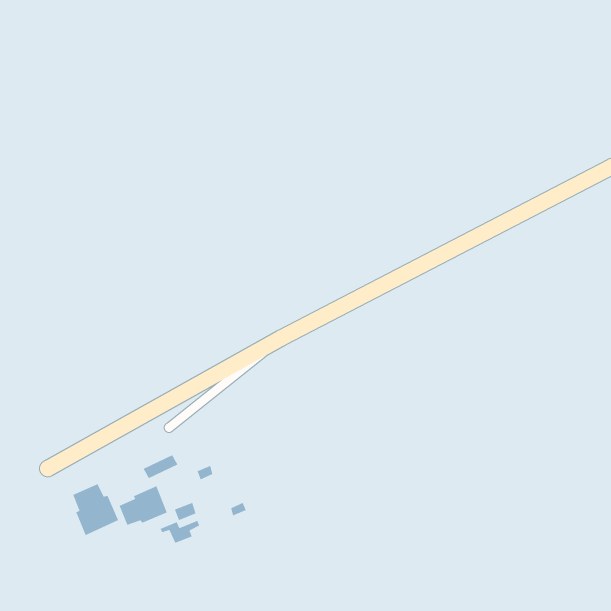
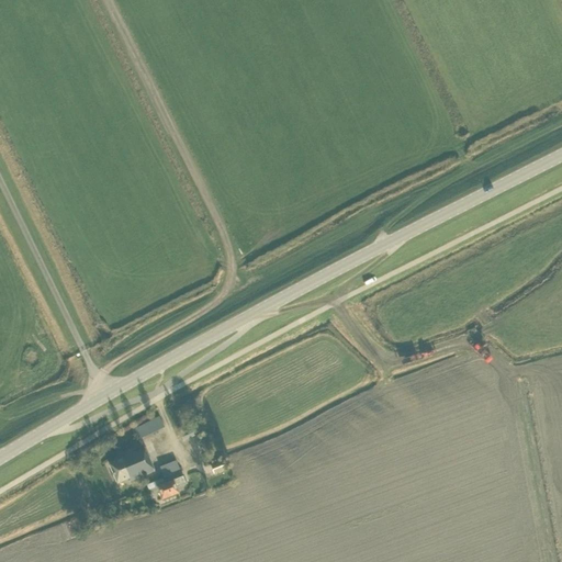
building: [72,483,119,536] -> none

